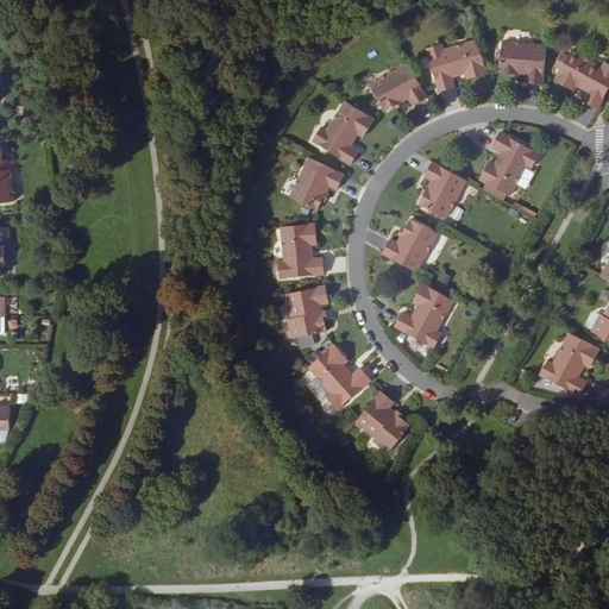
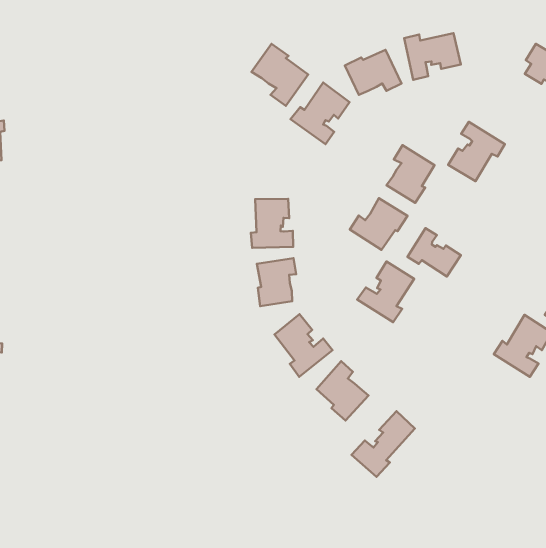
building: [498,37,545,83] -> none
building: none -> [251,44,308,106]
building: [284,157,343,211] -> none
building: none -> [408,228,461,276]
building: none -> [352,411,415,477]

